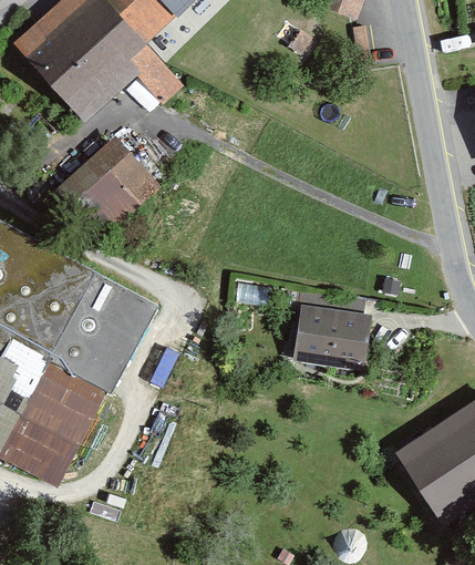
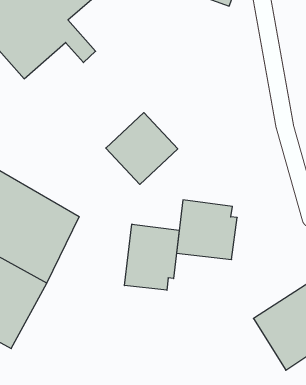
building: [64,138,163,237] -> [106,113,178,184]
building: none -> [124,224,179,290]

